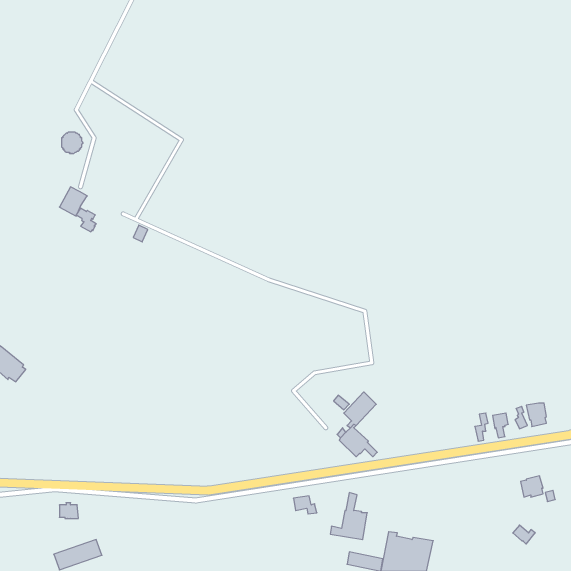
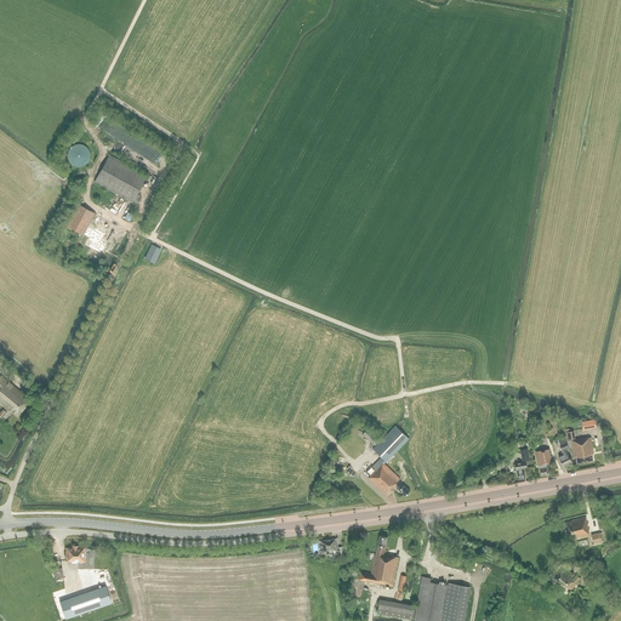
building: none -> [93,154,146,204]

